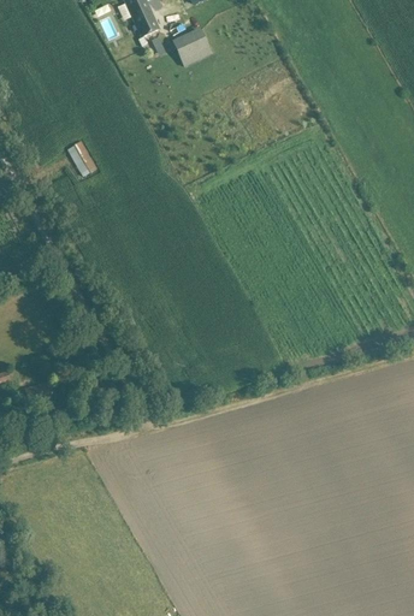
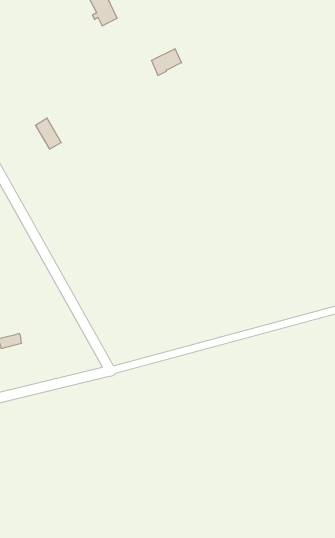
building: [175,29,208,59] -> [151,49,182,75]

